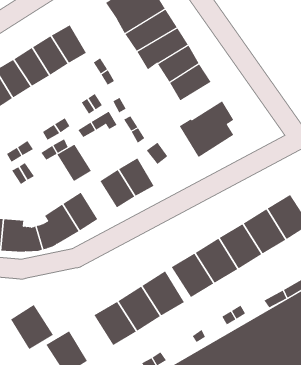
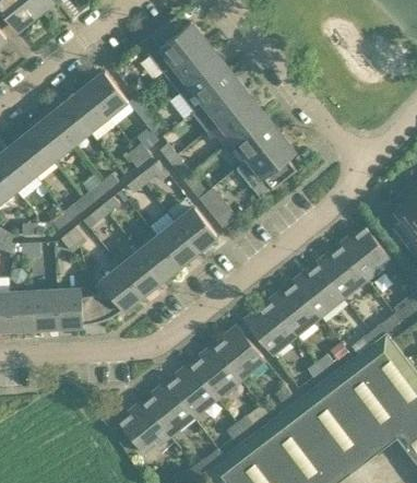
building: none -> [225,117,279,161]
building: [56,144,92,182] -> [139,239,179,281]
building: [10,304,54,350] -> [144,386,193,436]

